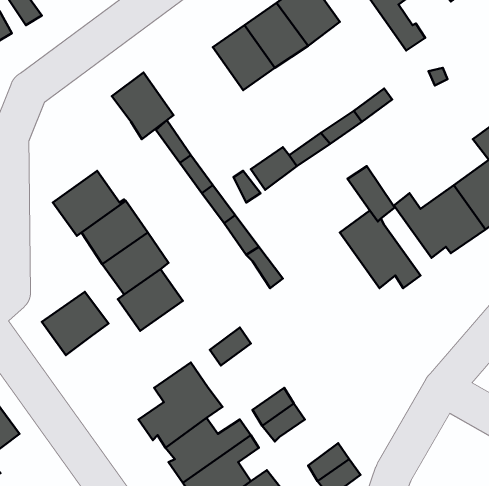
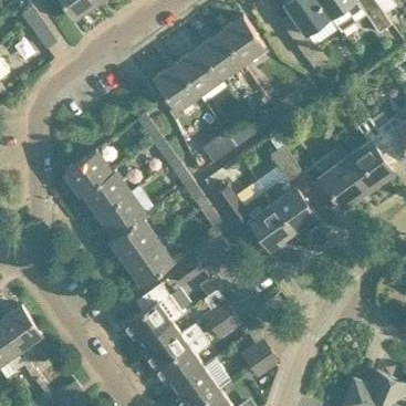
building: [112,73,173,139] -> [154,64,197,111]
building: none -> [215,187,292,257]
building: [42,292,109,355] -> [125,241,171,285]

